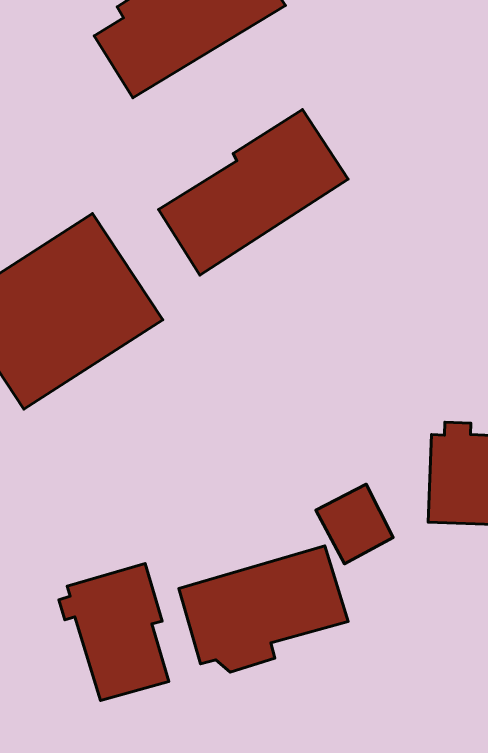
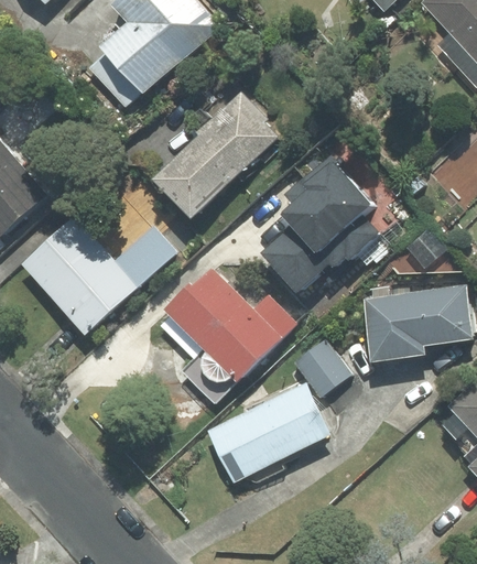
building: none -> [263,156,380,293]
building: none -> [162,268,295,404]
building: [59,563,169,700] -> none

